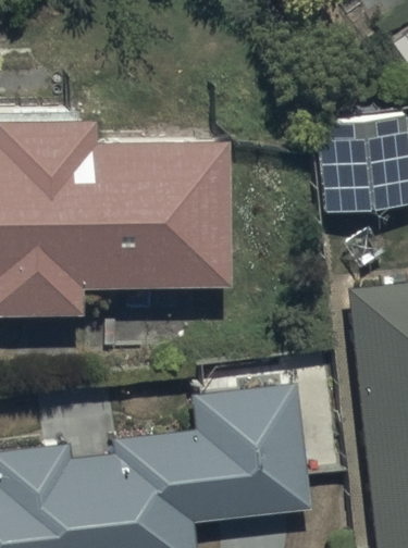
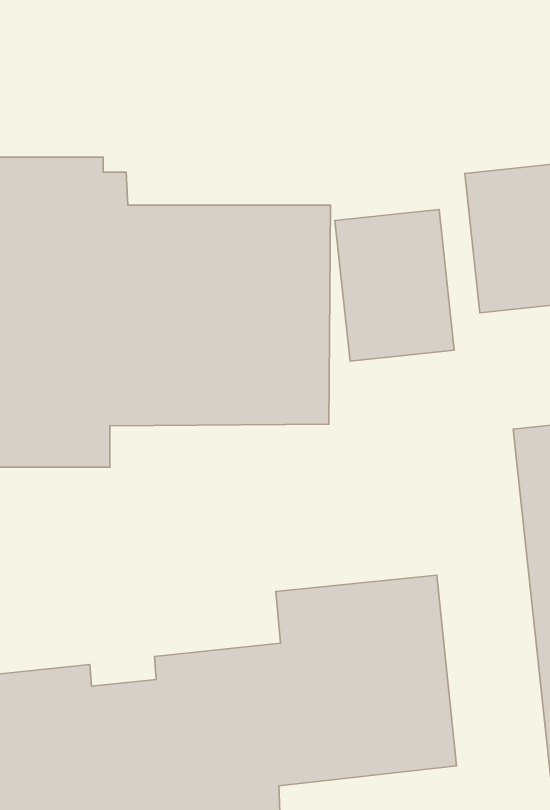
building: none -> [335,209,454,361]

